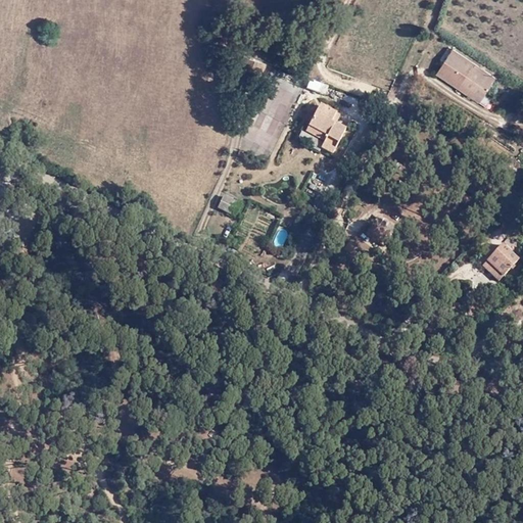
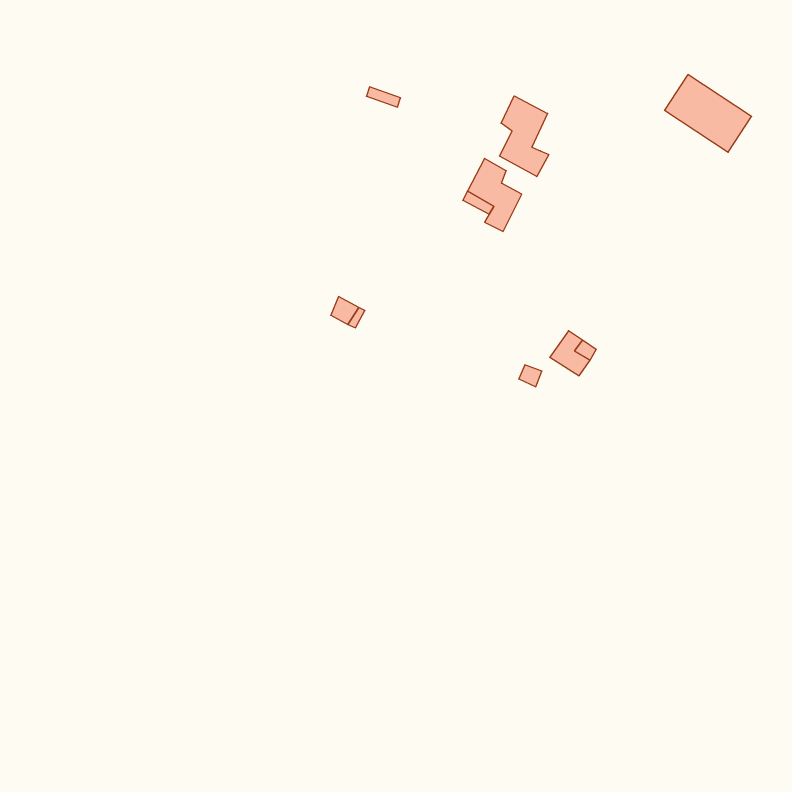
building: none -> [499,96,549,177]
building: [487,245,517,274] -> none

